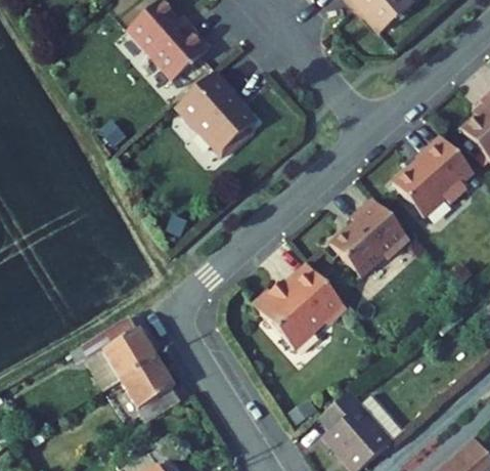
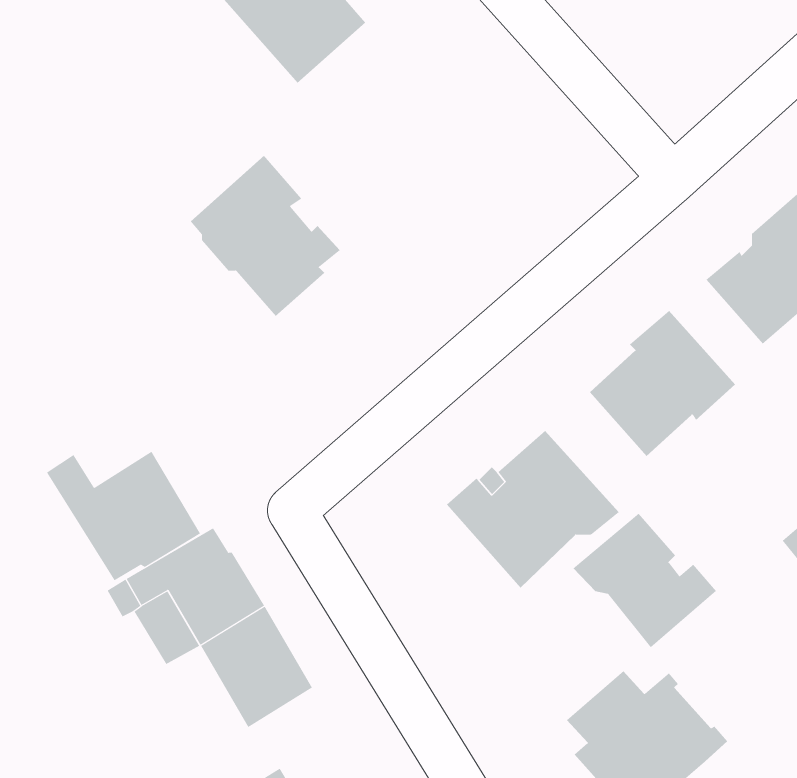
building: [175,69,256,156] -> [190,155,340,317]
building: none -> [46,451,201,581]
building: none -> [573,513,717,648]

